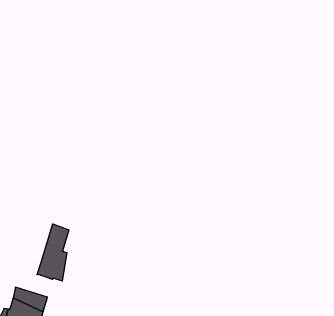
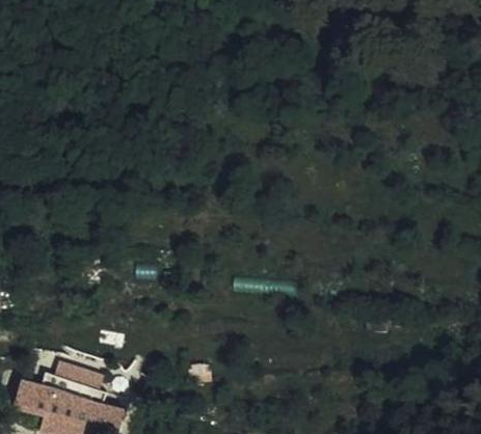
building: [37,224,69,281] -> none

